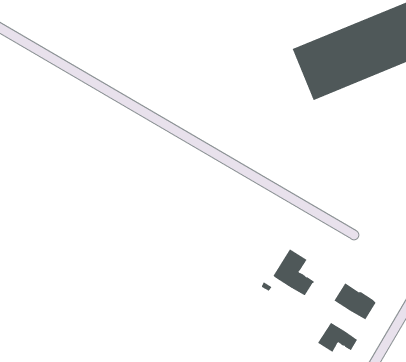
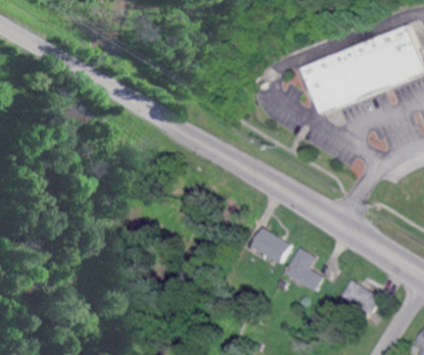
building: none -> [249,229,288,264]
building: [317,322,358,353] -> none

